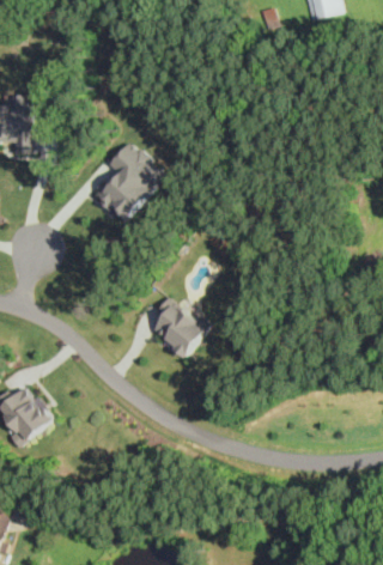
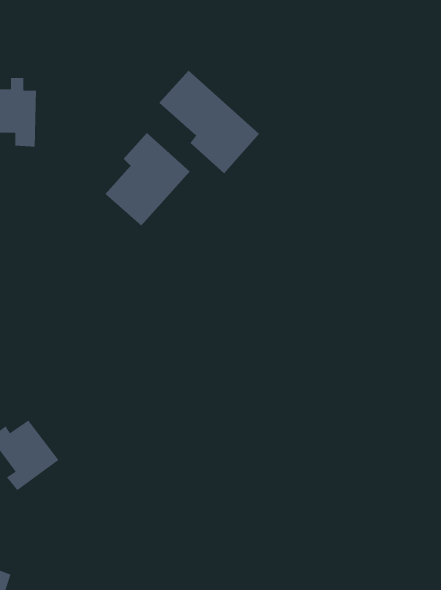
building: none -> [158,70,260,174]
building: [150,297,207,357] -> none

